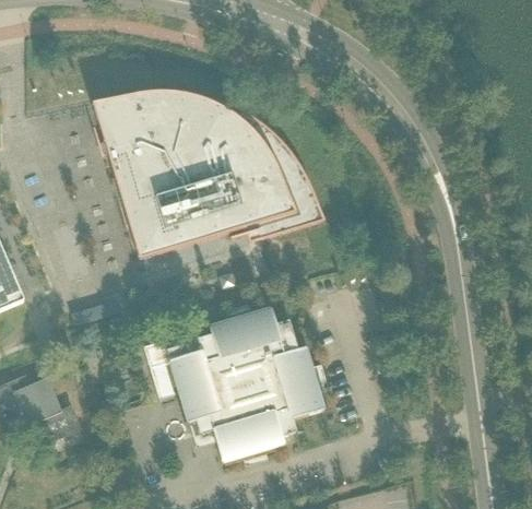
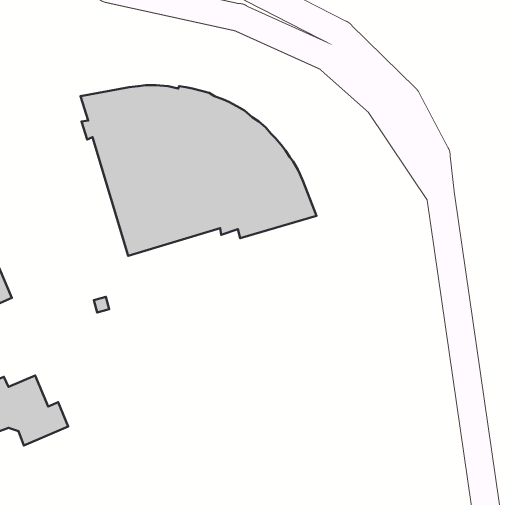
building: [141,303,326,464] -> none

